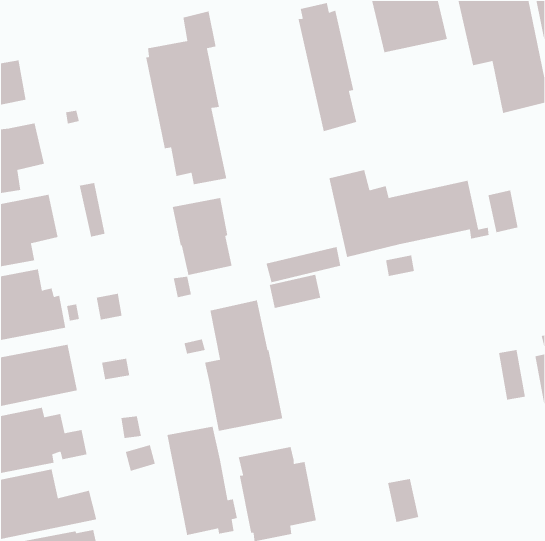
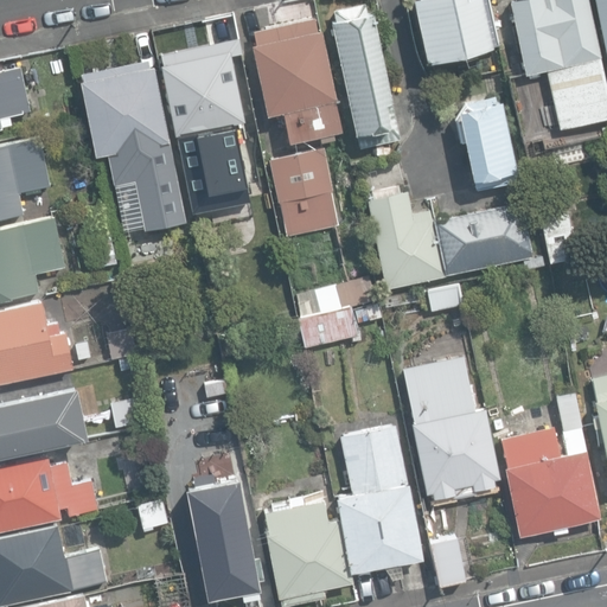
building: none -> [251,20,341,145]
building: none -> [79,62,184,226]
building: none -> [458,104,517,193]
building: [172,197,233,276] -> [269,149,337,237]
building: [204,299,283,432] -> [336,426,423,573]
building: none -> [402,357,499,500]
building: none -> [501,427,600,537]

